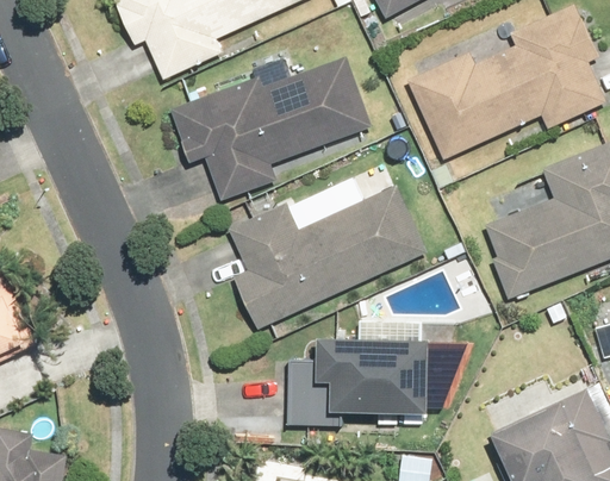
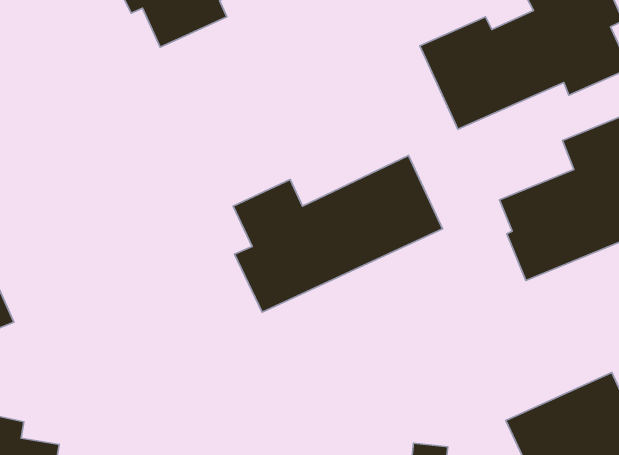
building: [167,55,373,198] -> none
building: [286,335,430,426] -> none

